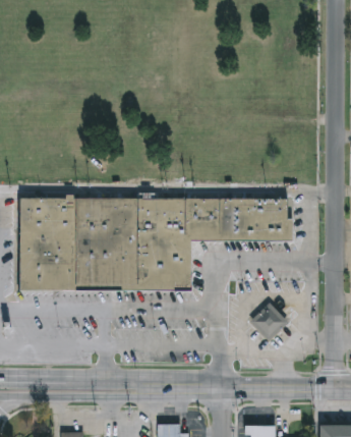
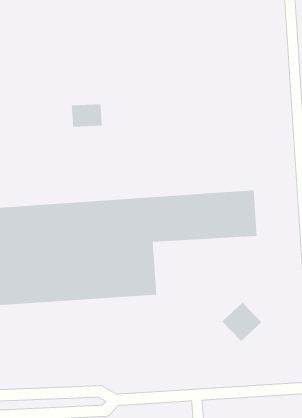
building: none -> [71,103,102,128]

